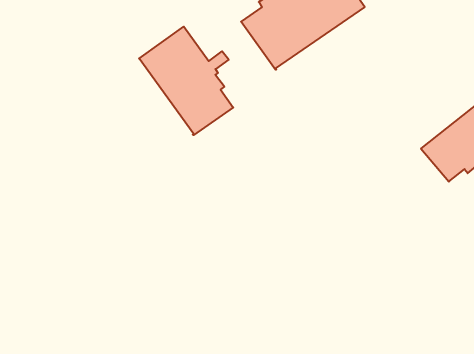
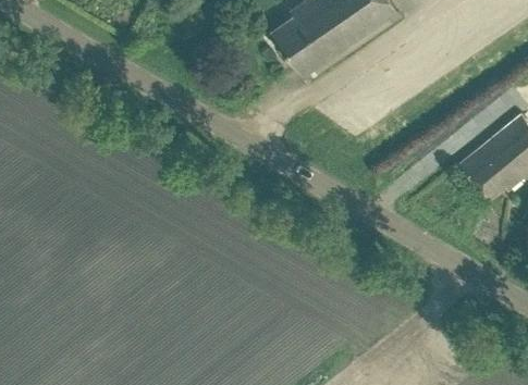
building: [139,27,233,135] -> none

